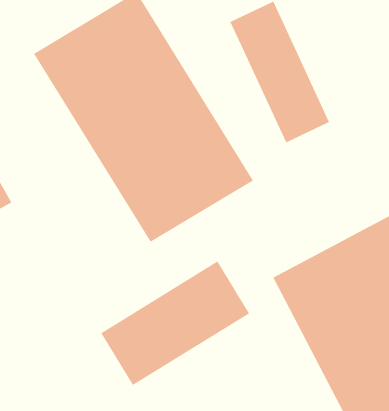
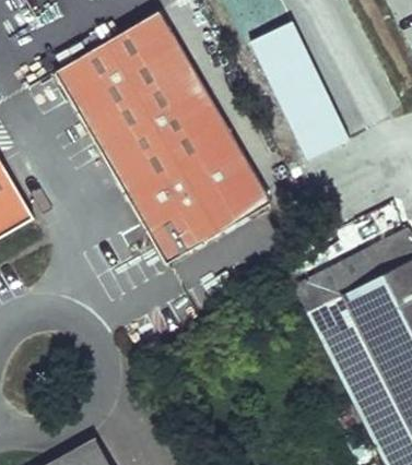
building: [100,261,250,386] -> none

